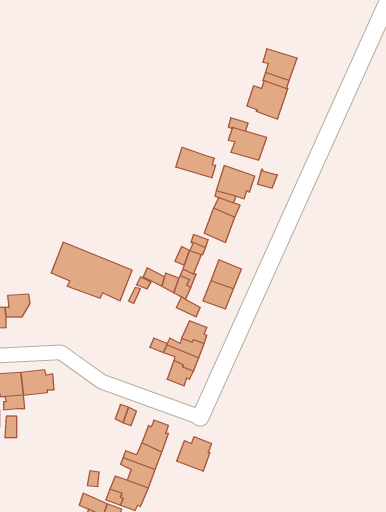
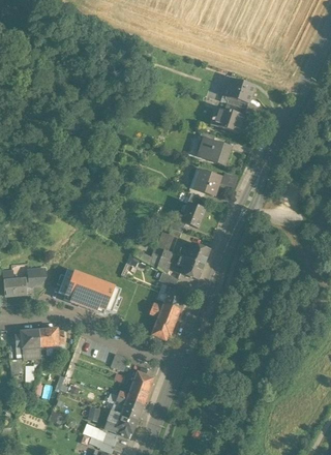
building: [176,147,216,178] -> none
building: [51,242,132,301] -> [57,267,120,312]
building: [176,437,211,471] -> none

